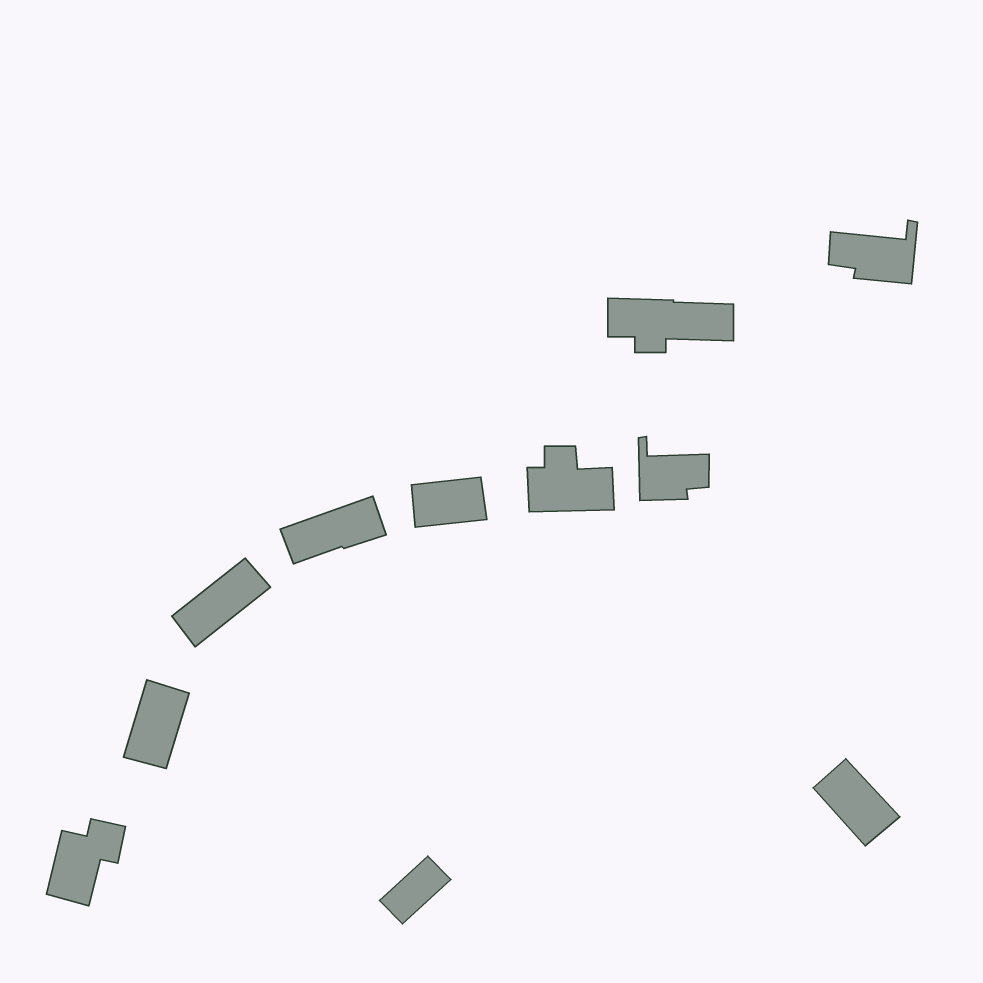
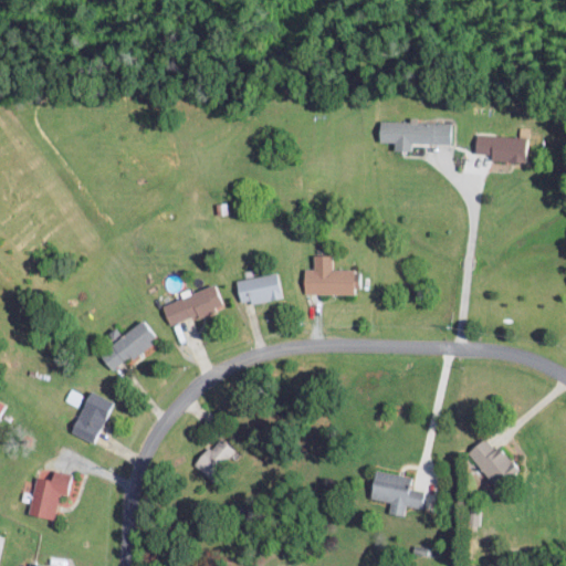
building: [608,298,733,352] -> [379,122,451,153]
building: [638,437,709,501] -> none
building: none -> [370,471,424,516]
building: [379,856,451,924] -> [195,438,235,476]

